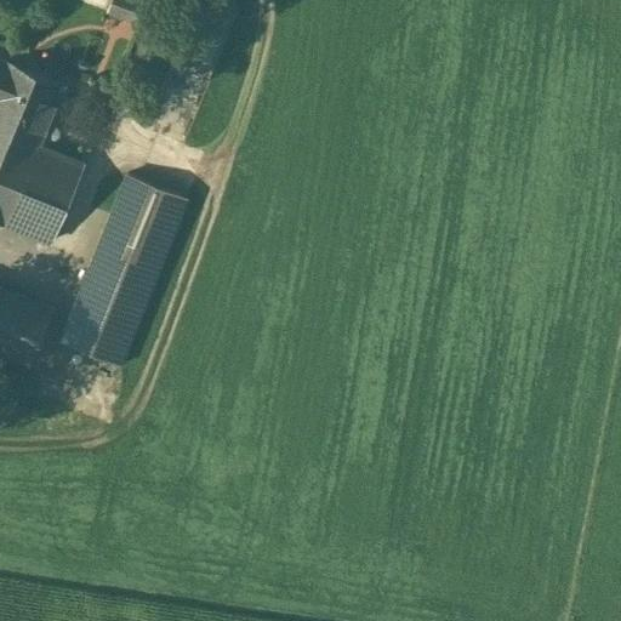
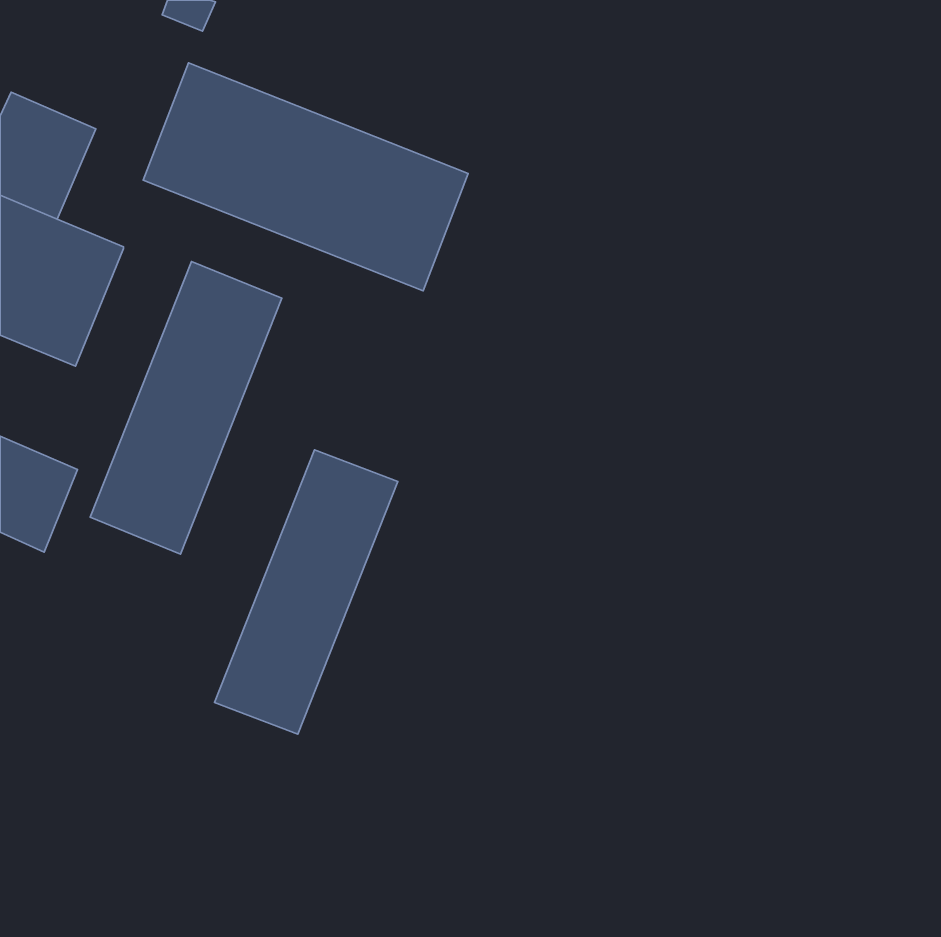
building: none -> [143,63,468,291]
building: none -> [215,450,398,734]

